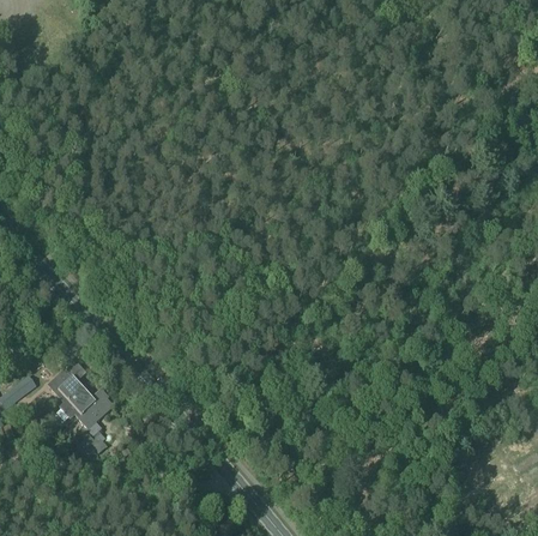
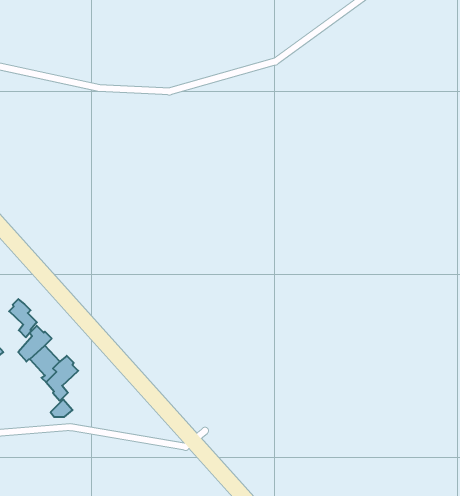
building: none -> [9,299,37,337]

